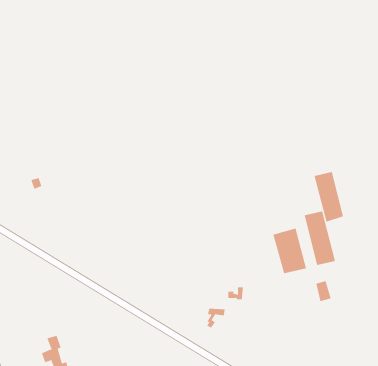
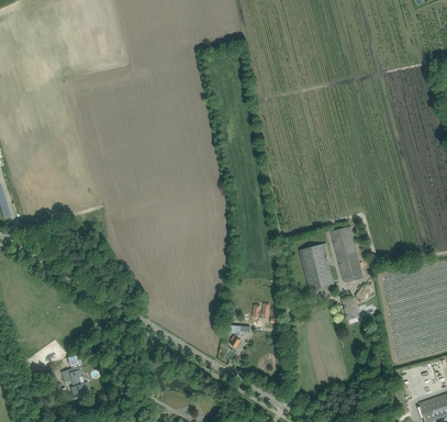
building: [314,171,344,222] -> none

